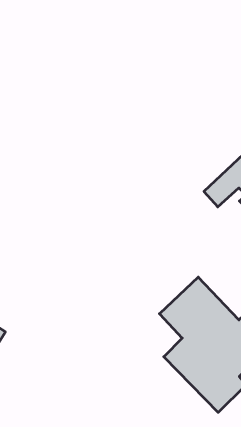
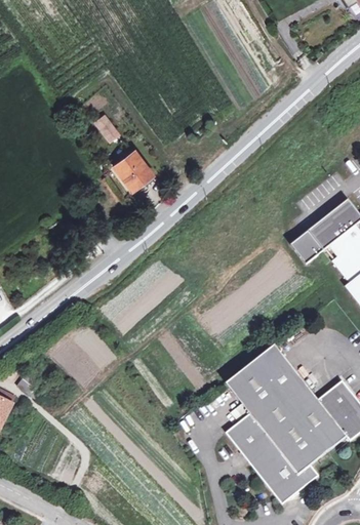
building: none -> [93,112,121,142]
building: none -> [113,150,150,187]

